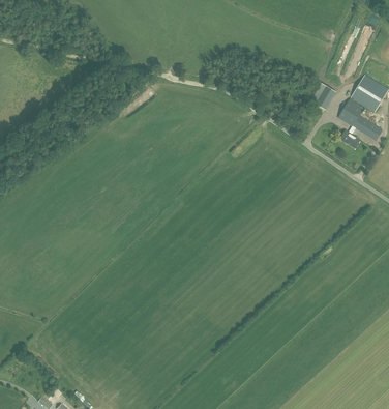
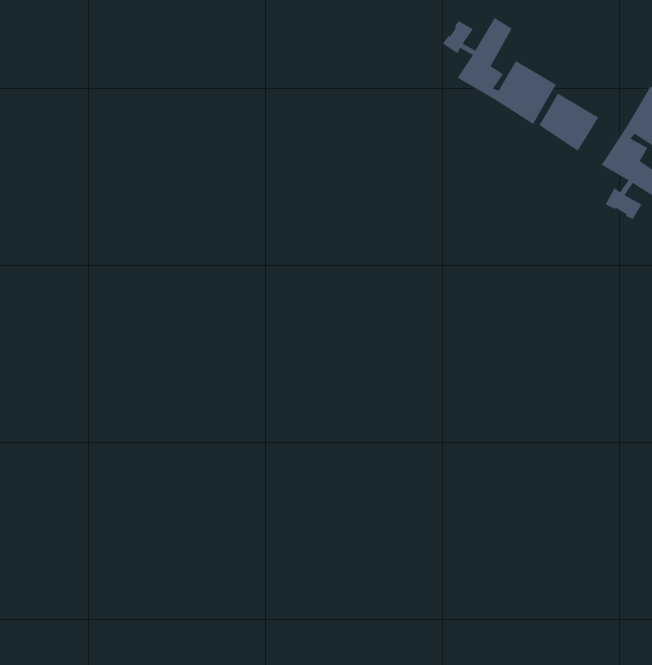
building: none -> [442,17,557,125]

